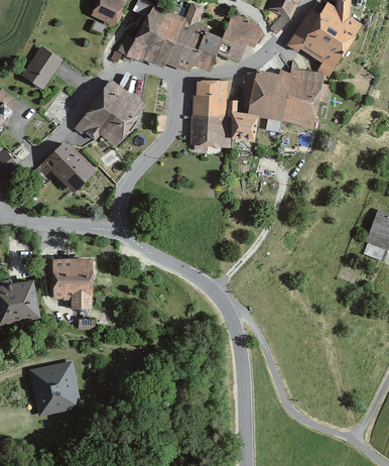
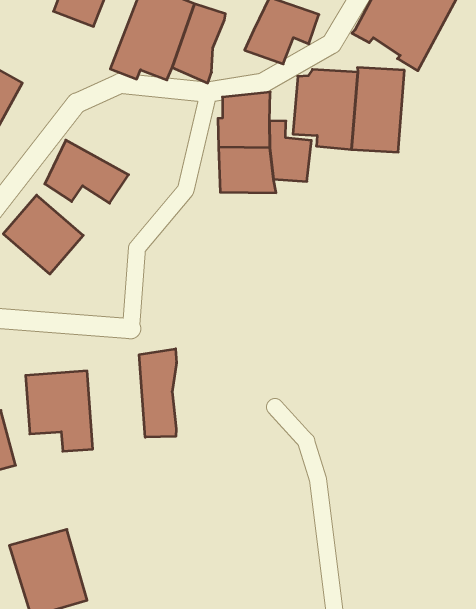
building: [190,29,221,73] -> none
building: [90,77,146,128] -> none
building: none -> [139,349,176,437]

